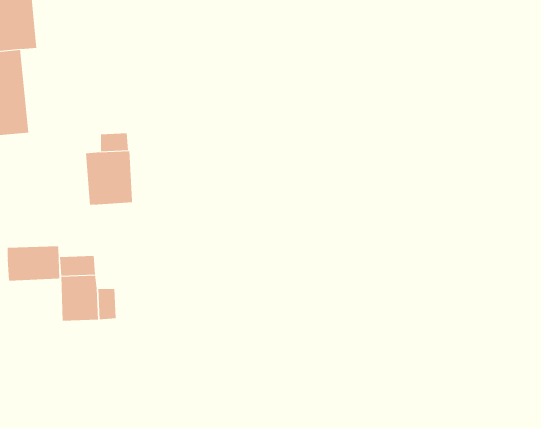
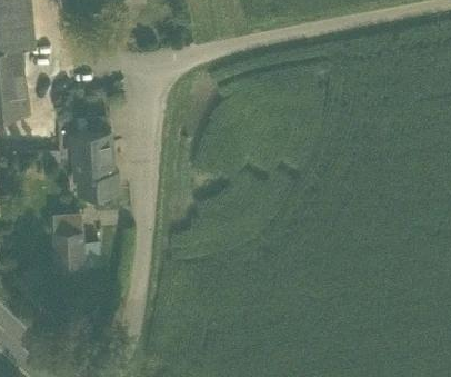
building: none -> [79,172,116,195]
building: [7,246,60,282] -> none

